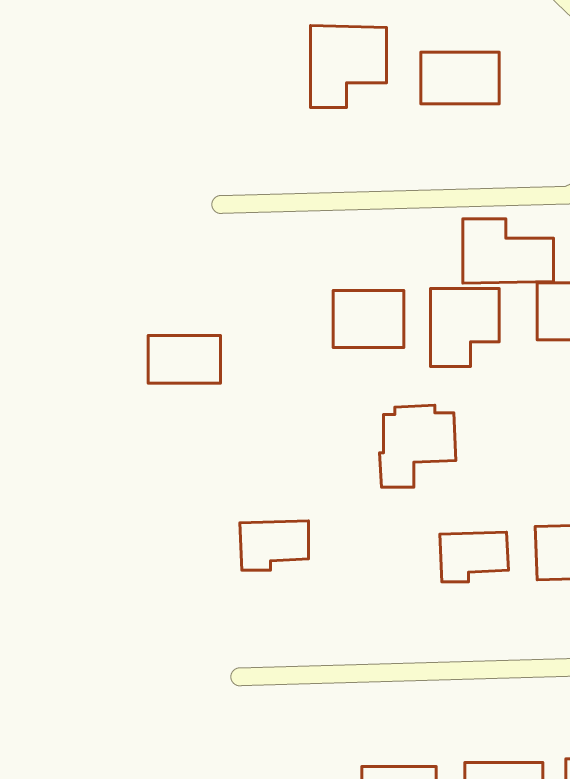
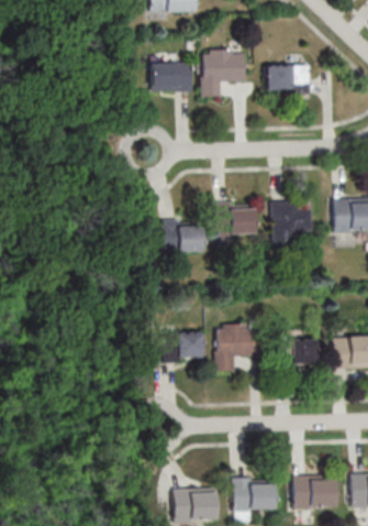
building: none -> [152,62,192,91]
building: [463,219,553,283] -> none
building: [148,336,220,383] -> [163,223,204,251]
building: [380,405,456,487] -> [215,324,259,371]

